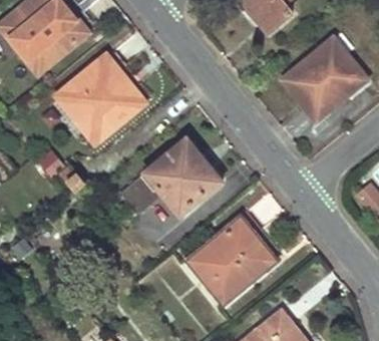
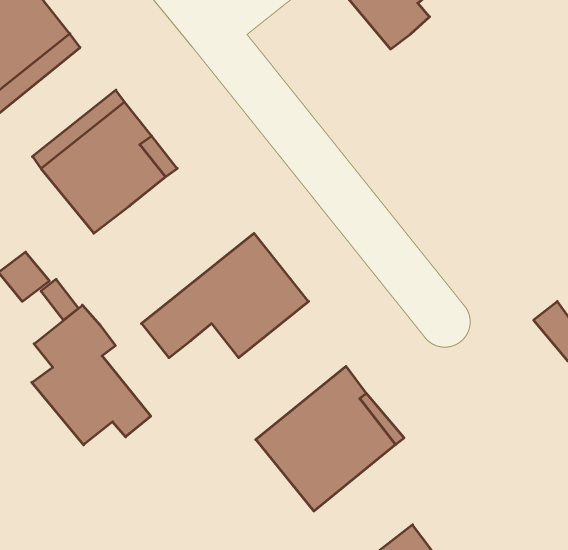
building: [283,35,368,118] -> none
building: none -> [32,305,151,445]

